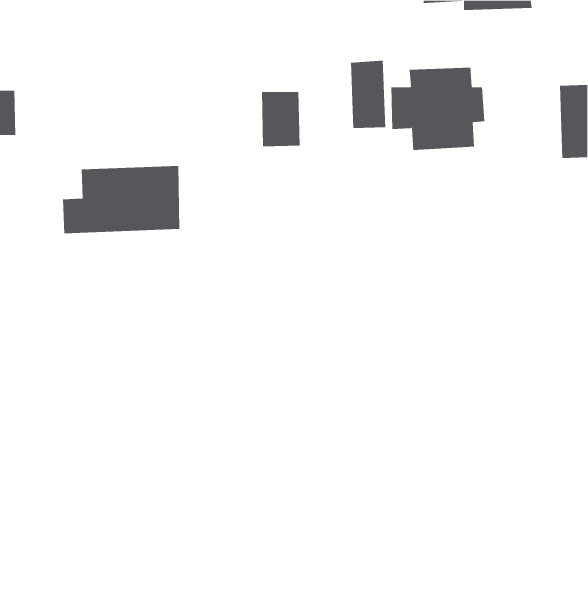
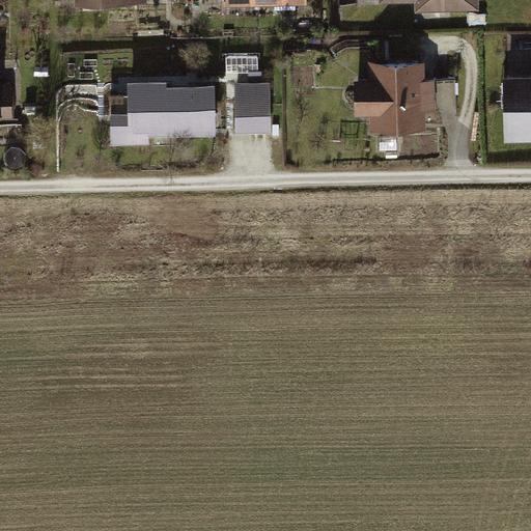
building: [350,60,386,129] -> none
building: [62,166,180,234] -> [110,83,216,144]

